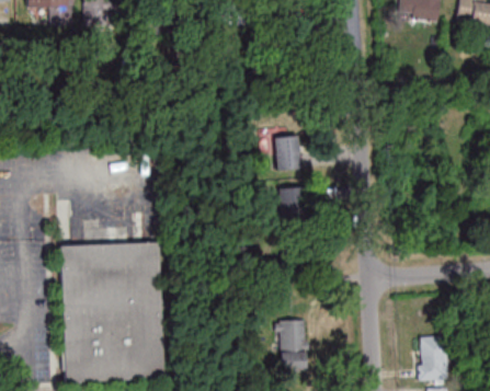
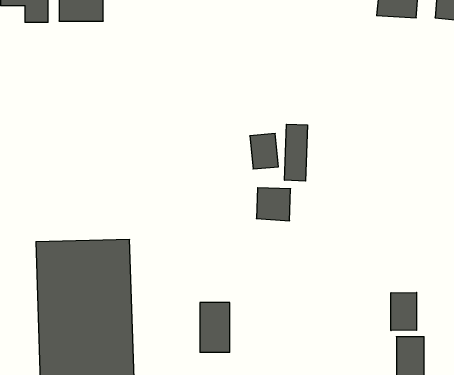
building: none -> [285,124,307,181]
building: none -> [391,292,417,331]
building: [278,320,308,369] -> [200,303,230,352]

